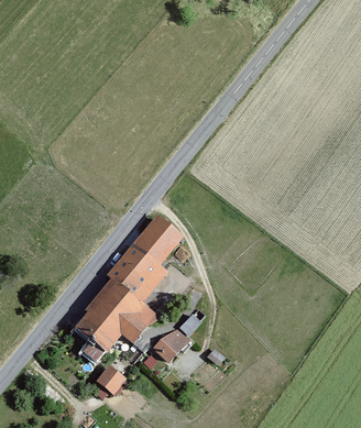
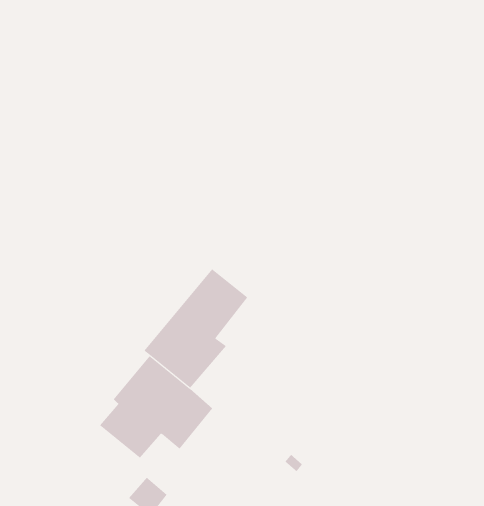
building: [153,315,200,364] -> none

